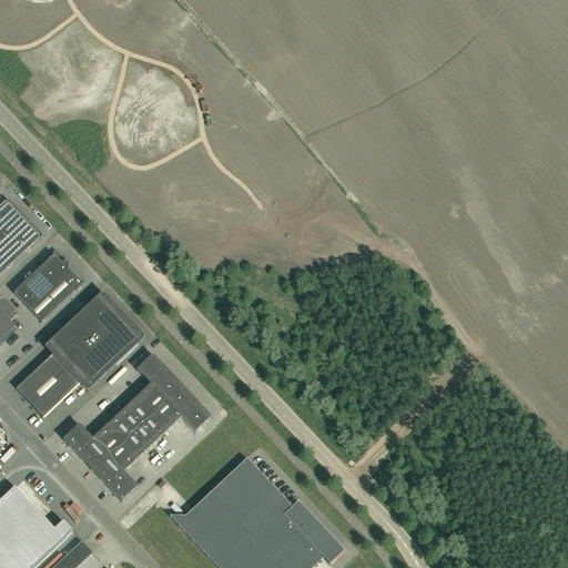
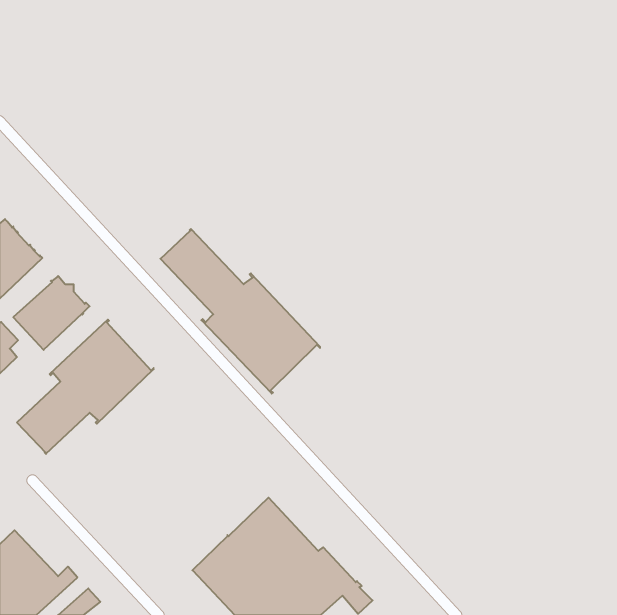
building: none -> [160,229,320,394]
building: [62,353,211,499] -> none

